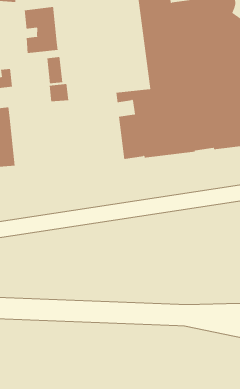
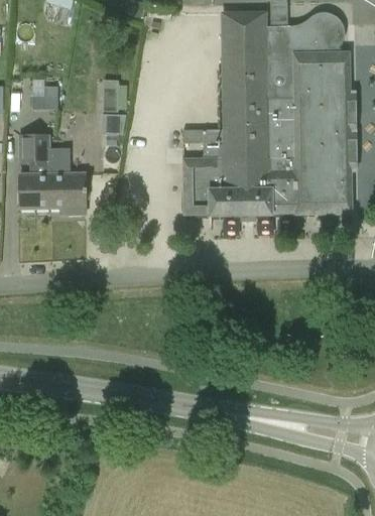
building: [24,6,58,54] -> none
building: none -> [50,147,85,214]

